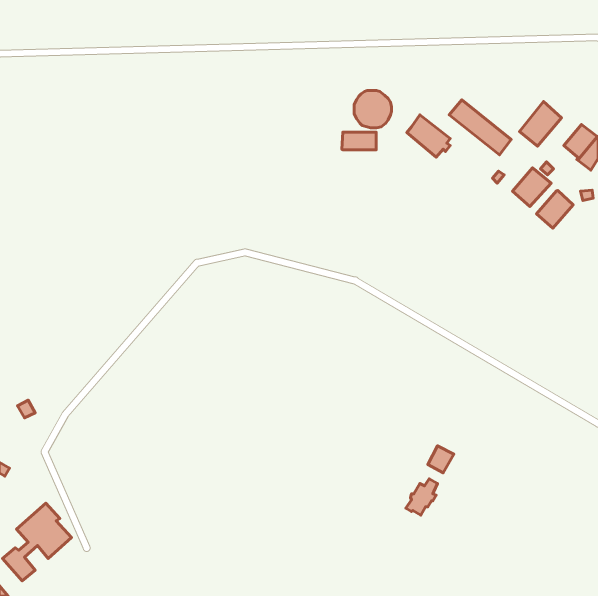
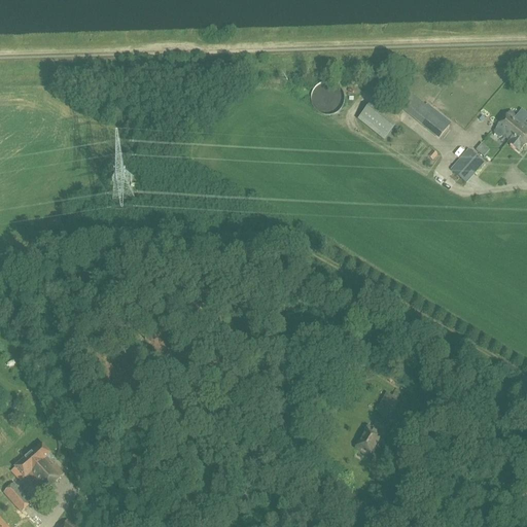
building: [520,102,562,146] -> none
building: [342,132,376,150] -> none
building: [536,191,573,228] -> none

